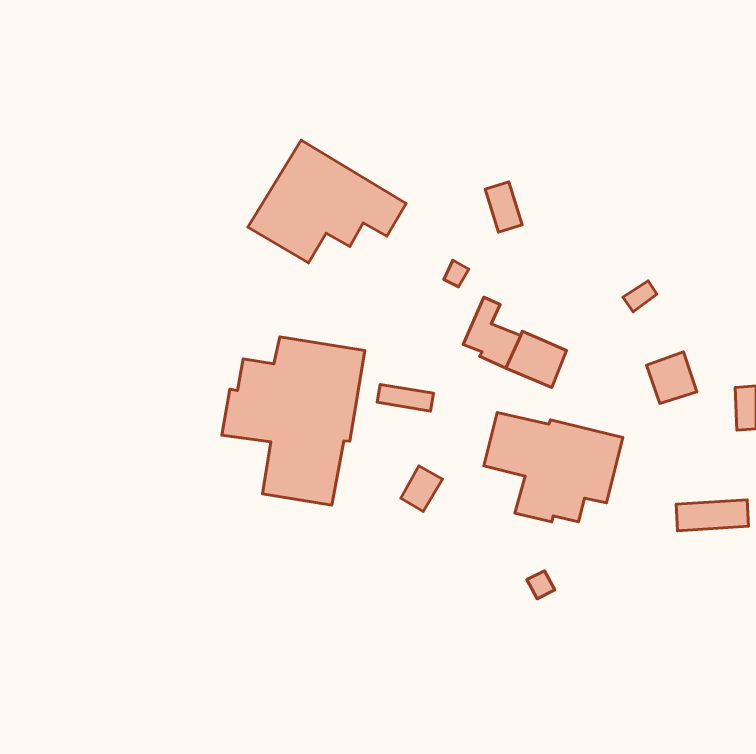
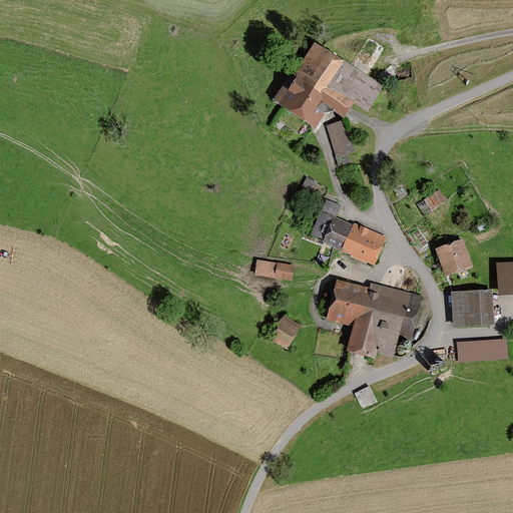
building: [248,140,406,263] -> [274,45,381,128]
building: [222,337,365,505] -> none
building: none -> [452,290,494,325]

